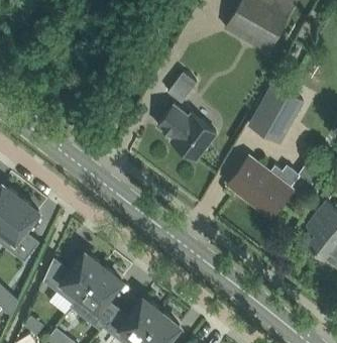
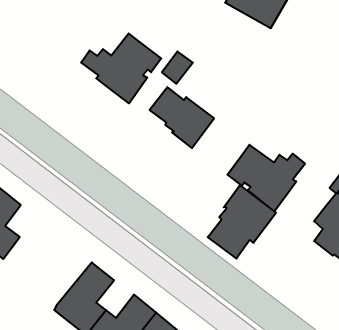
building: none -> [81,33,161,103]
building: [247,84,305,145] -> none
building: none -> [208,185,276,259]
building: [43,250,105,305] -> none

